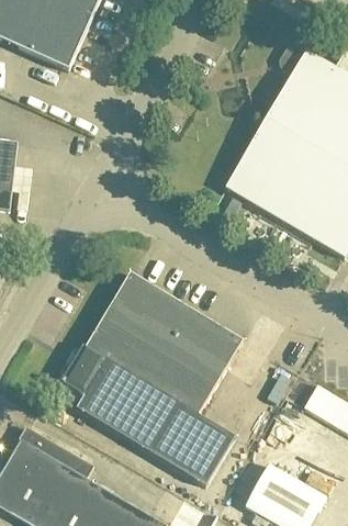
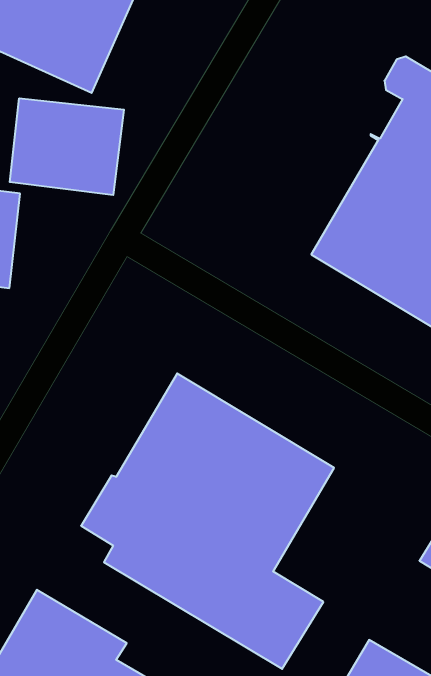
building: none -> [10,98,124,195]

